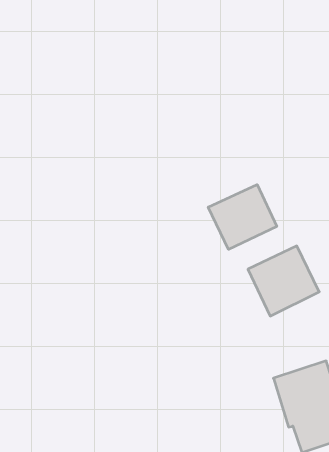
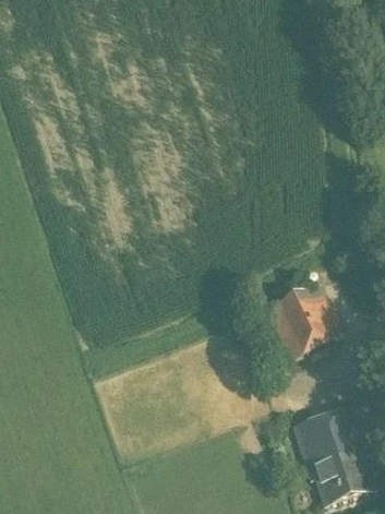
building: [208,185,277,249] -> none

